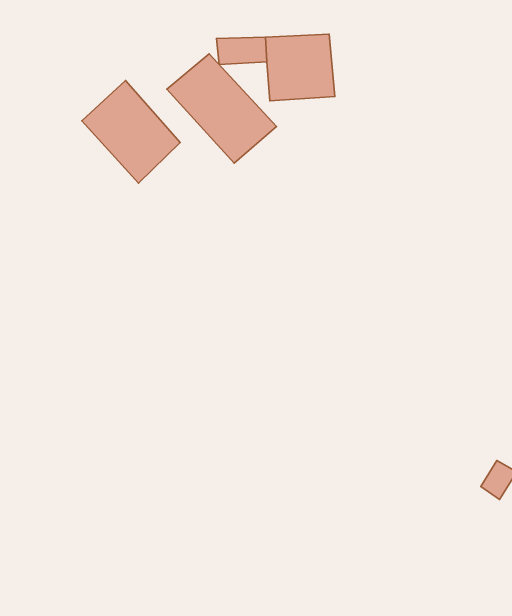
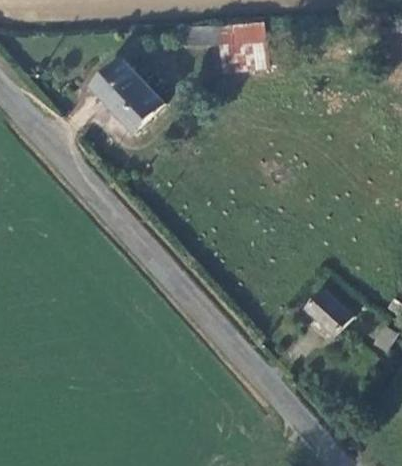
building: [167,54,276,163] -> none
building: none -> [306,287,350,331]

